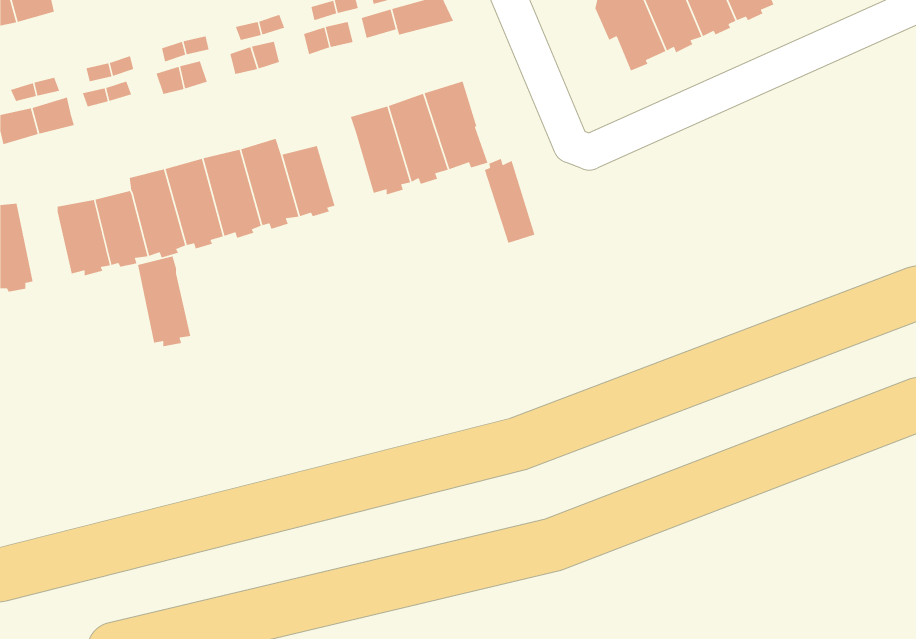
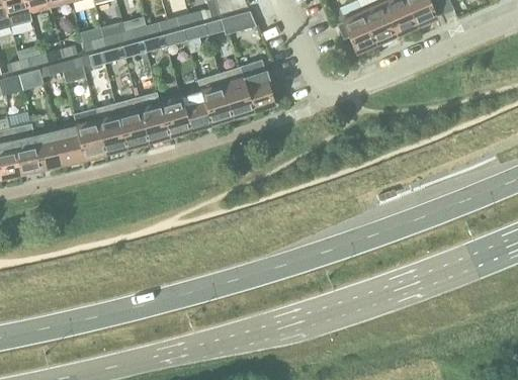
building: none -> [180,89,211,131]
building: [484,158,535,244] -> none
building: [137,255,191,347] -> [11,123,41,175]

